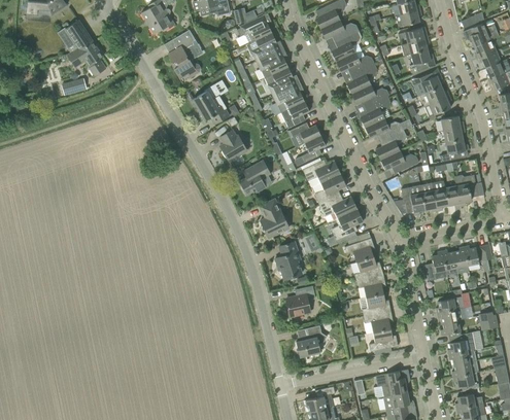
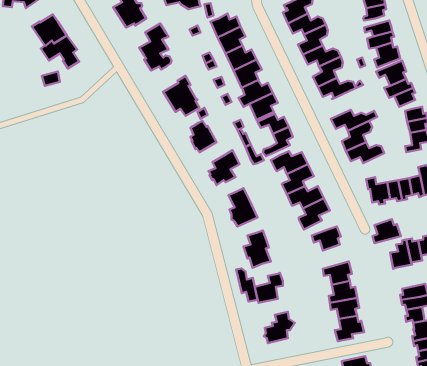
building: [361,97,392,128] -> none
building: [354,256,383,281] -> [373,219,401,243]
building: none -> [236,269,257,302]

